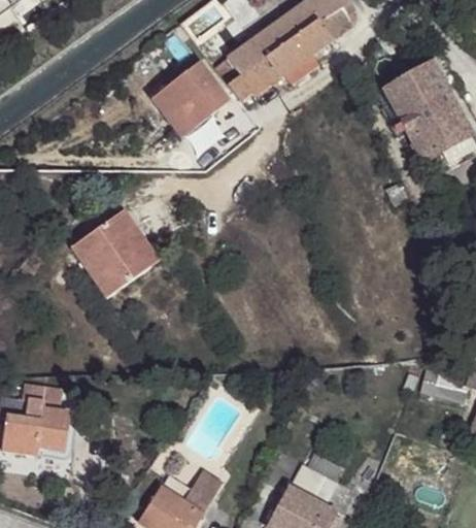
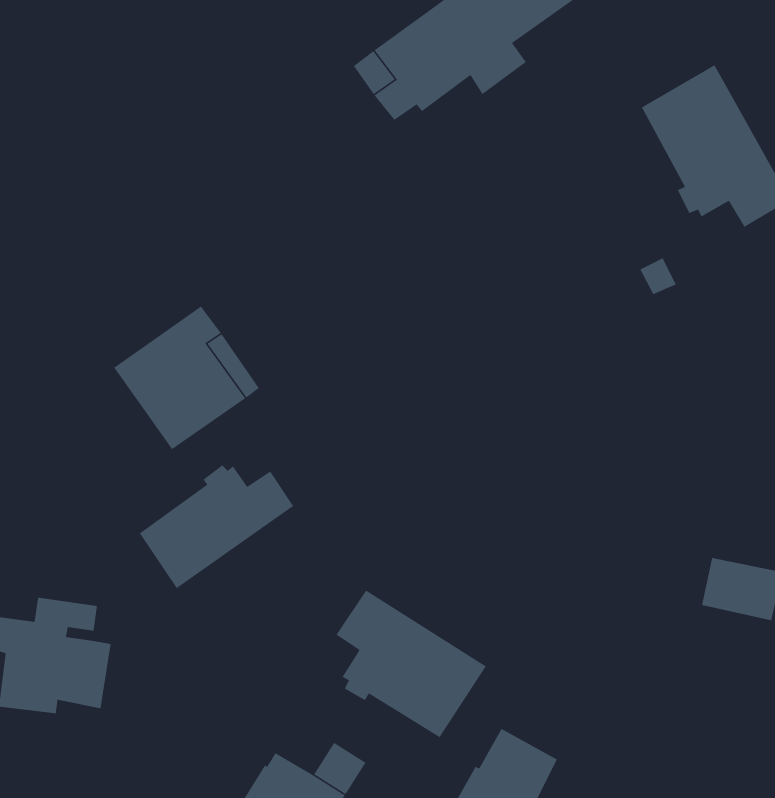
building: [151,60,231,137] -> none
building: none -> [139,464,294,589]
building: none -> [336,590,487,738]

